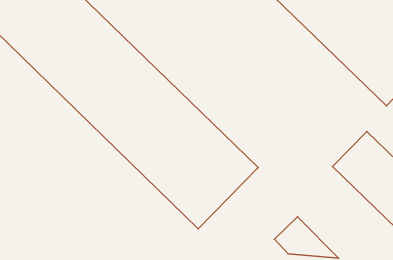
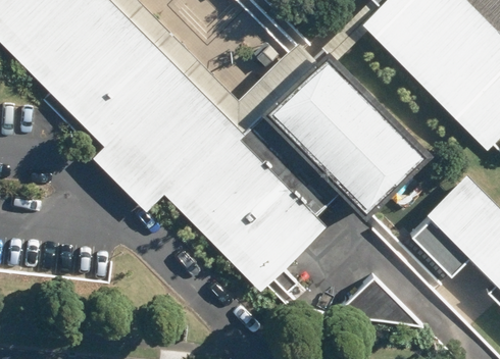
building: none -> [273,57,427,209]

